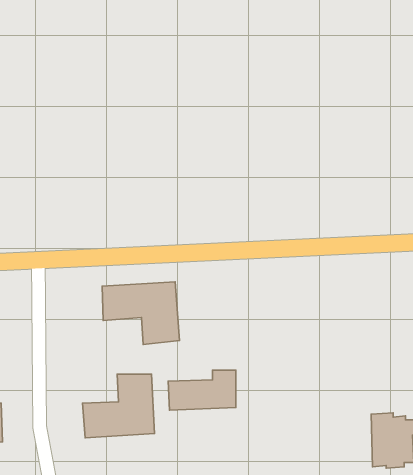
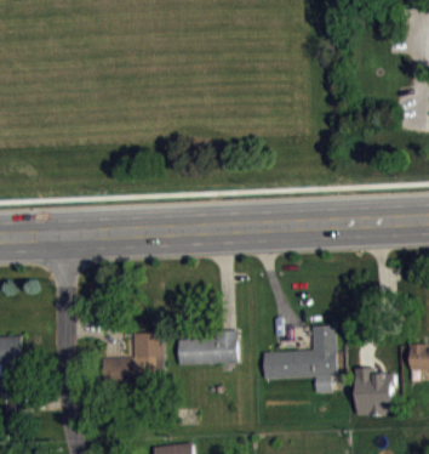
building: [102,282,180,345] -> none
building: none -> [263,324,336,391]

